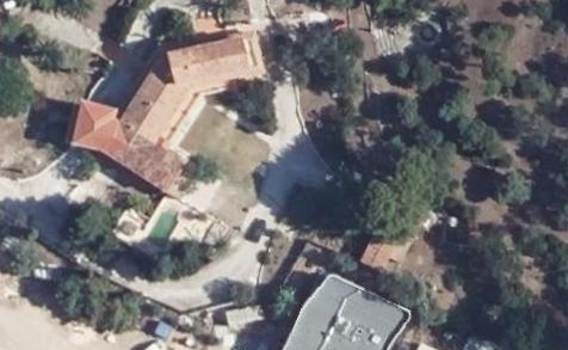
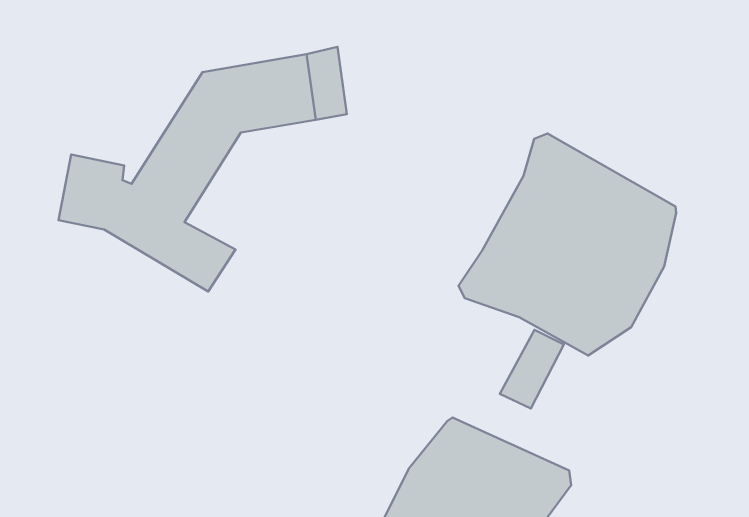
building: none -> [459,133,676,356]

